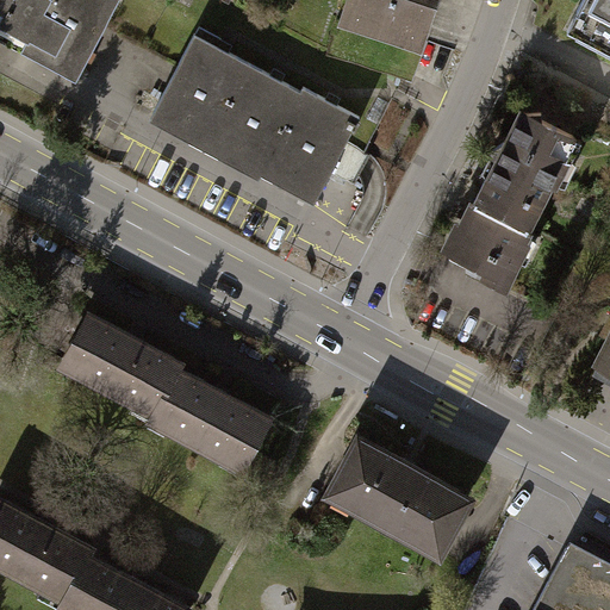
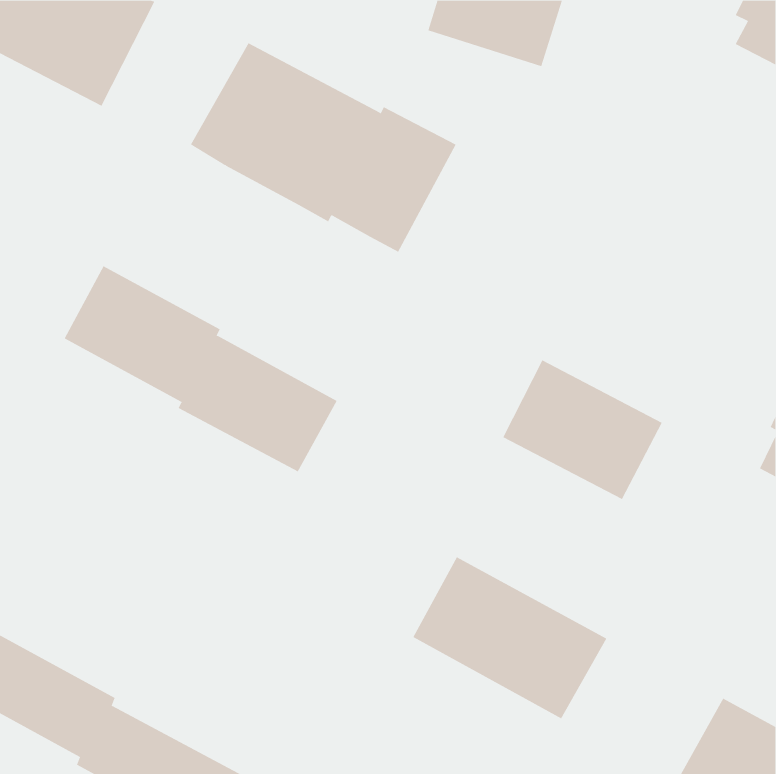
building: [442,111,580,290] -> none
building: none -> [503,359,663,500]
building: [57,315,272,477] -> [64,265,338,472]

